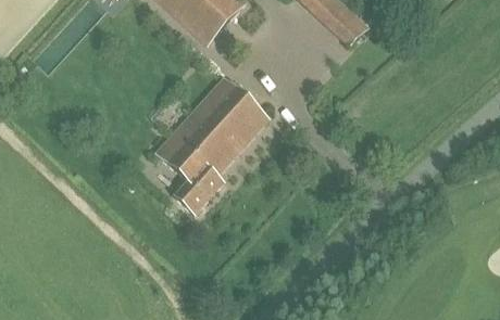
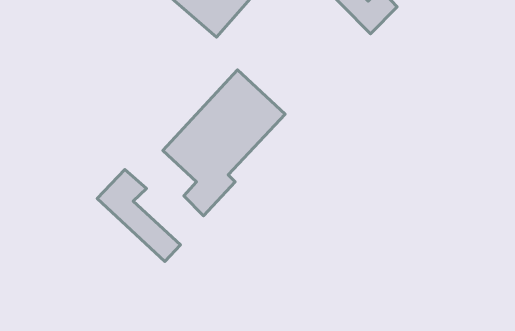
building: none -> [97,169,181,261]

